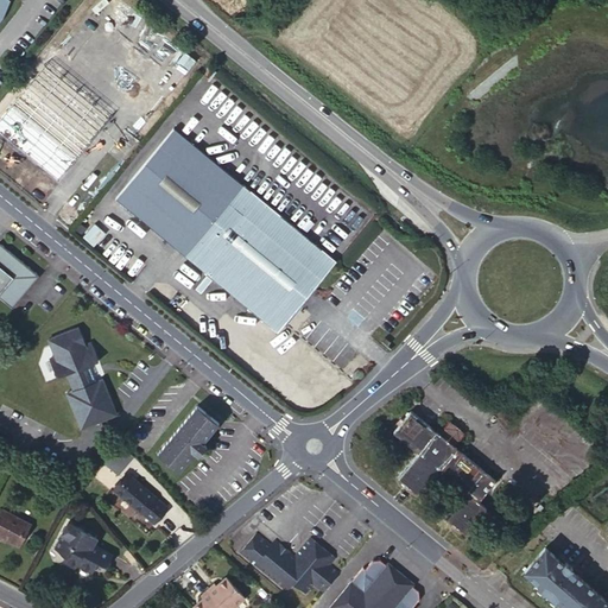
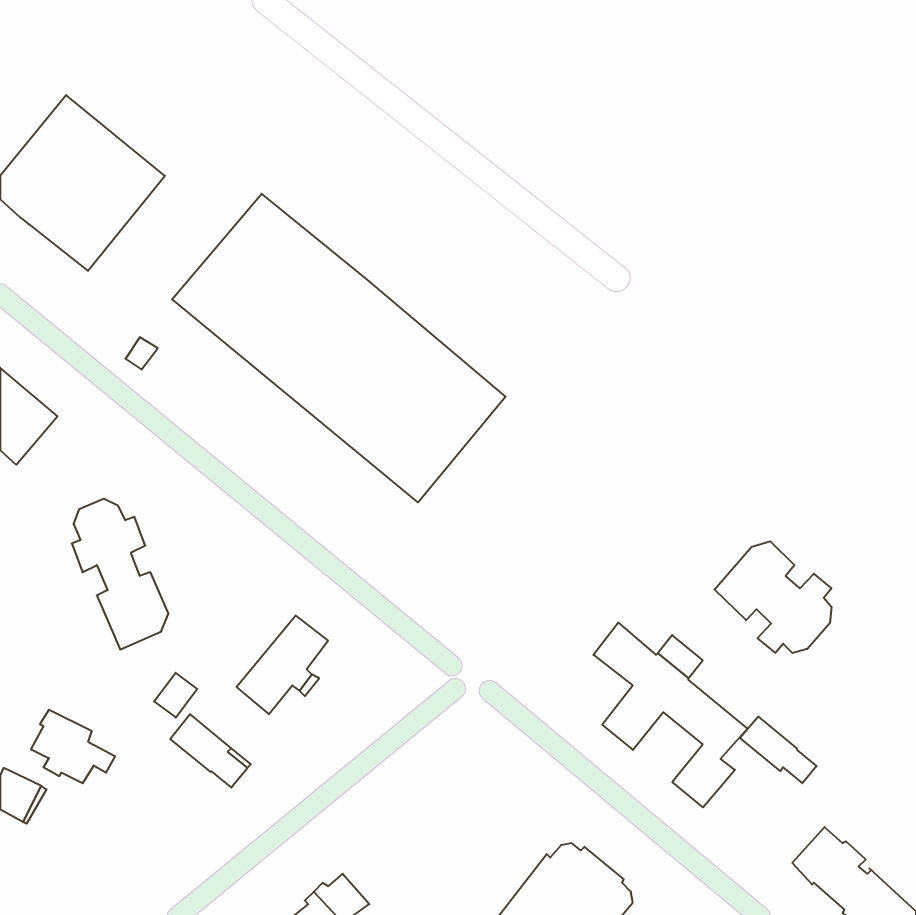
building: none -> [714,541,832,653]
building: none -> [740,717,817,783]
building: [56,522,112,571] -> [31,710,115,783]
building: [240,534,338,594] -> none

